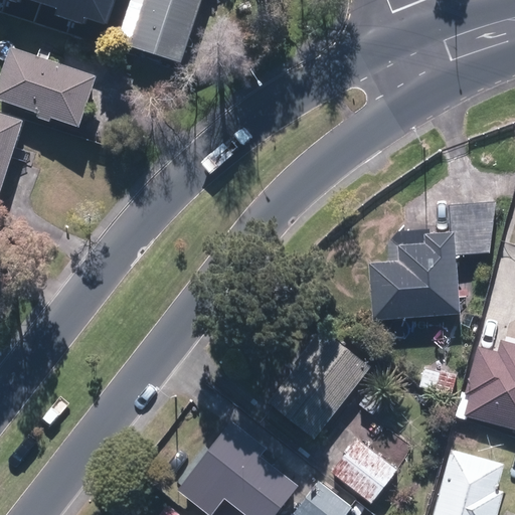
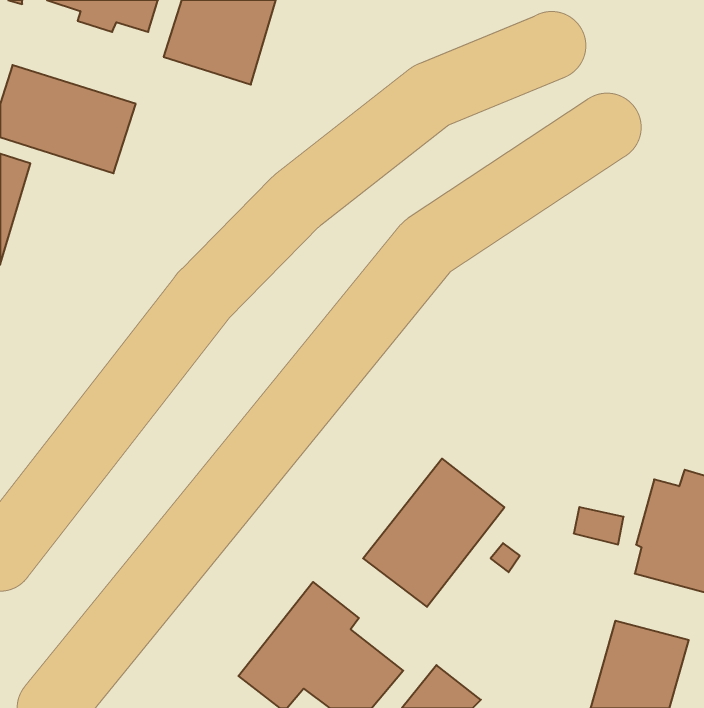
building: [366,204,488,323] -> none
building: [330,440,397,505] -> none

